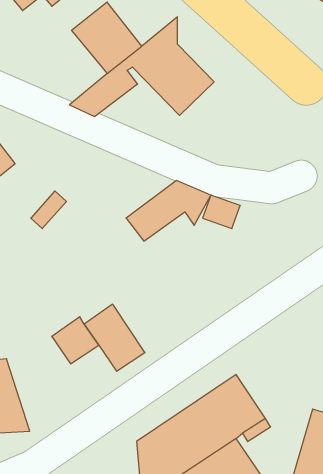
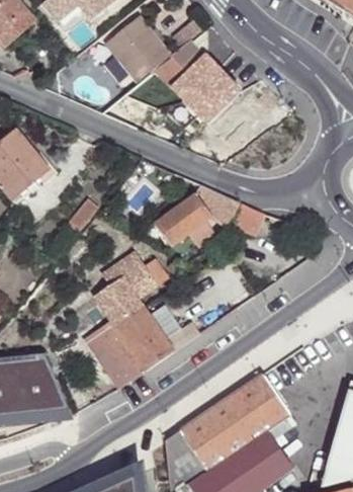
building: none -> [96,253,169,324]
building: none -> [103,344,148,388]

